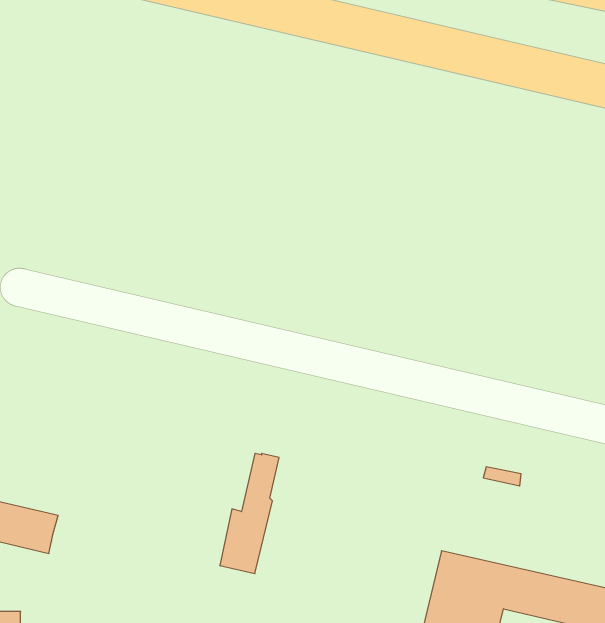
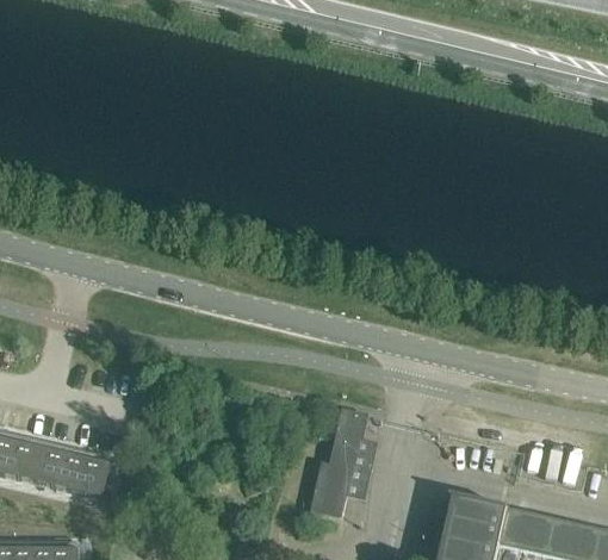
building: [220,453,279,574] -> [312,412,365,518]

